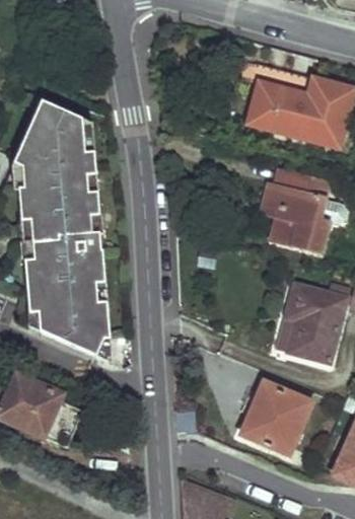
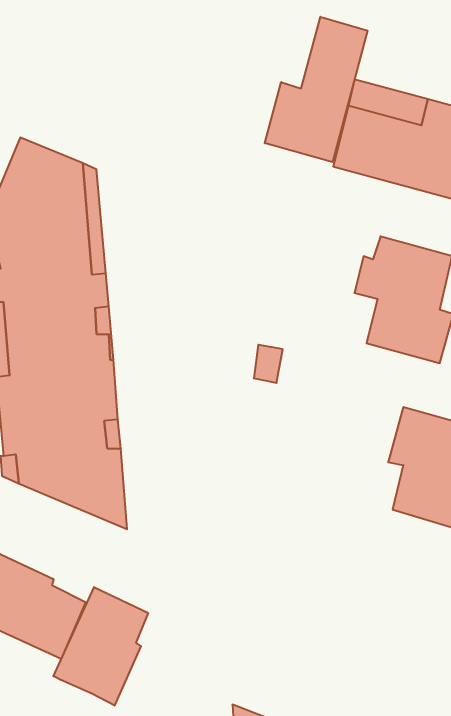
building: none -> [265,17,368,162]
building: [244,379,309,452] -> none
building: none -> [53,587,148,706]

